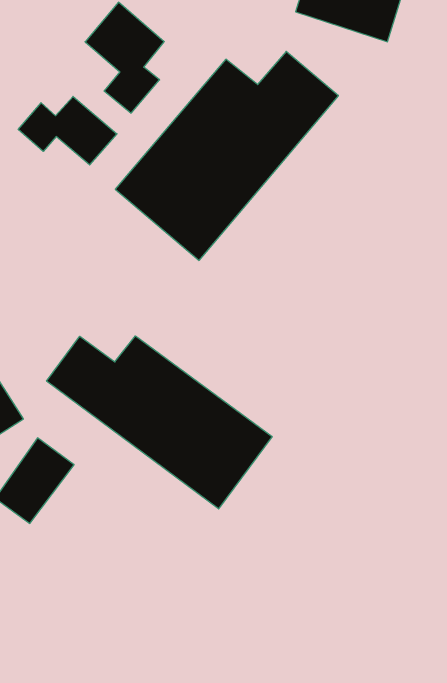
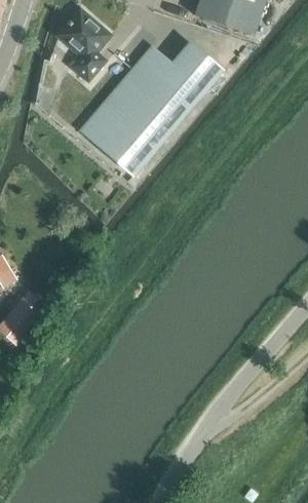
building: [18,96,117,165] -> none
building: [47,336,272,509] -> none

